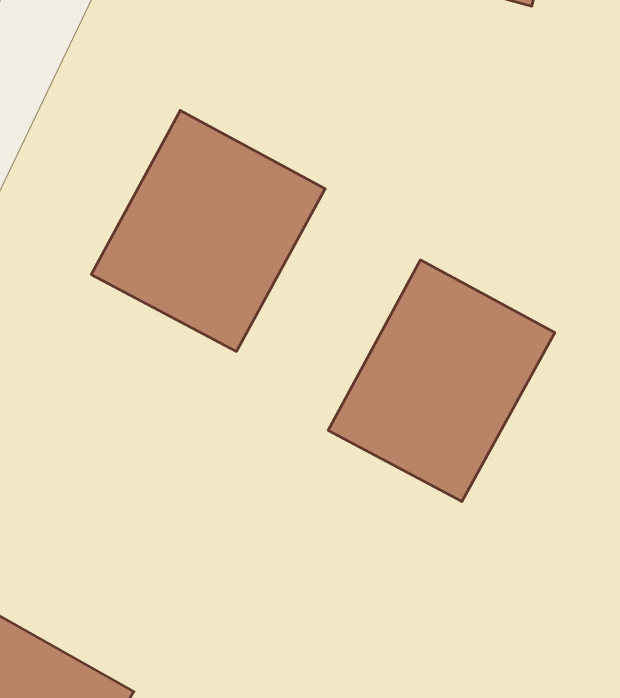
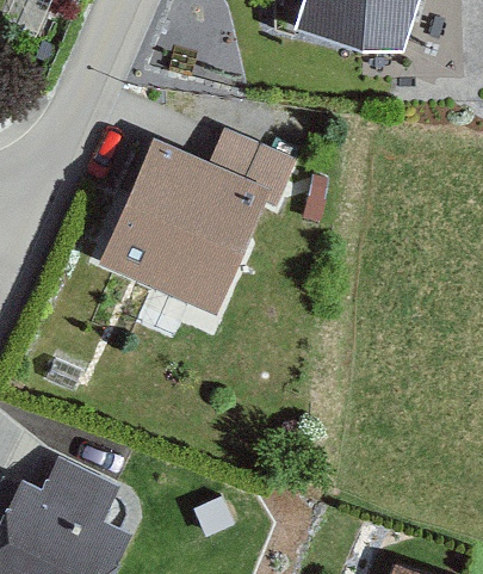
building: [328,260,555,502] -> none

